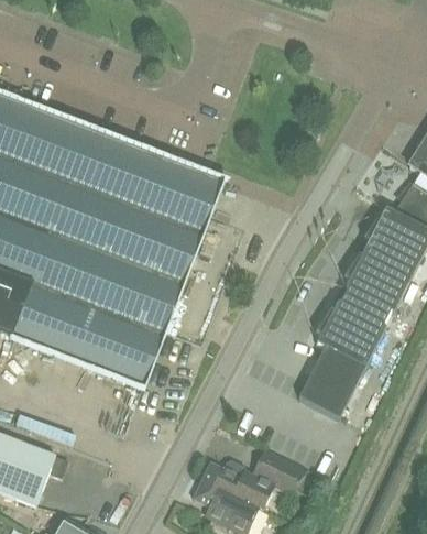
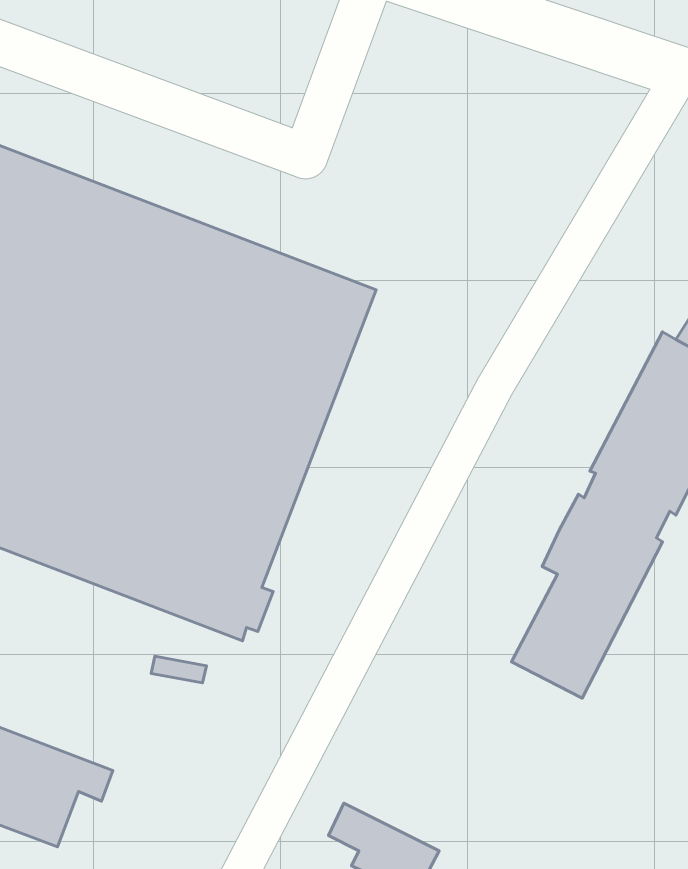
building: [202,449,305,508] -> none

